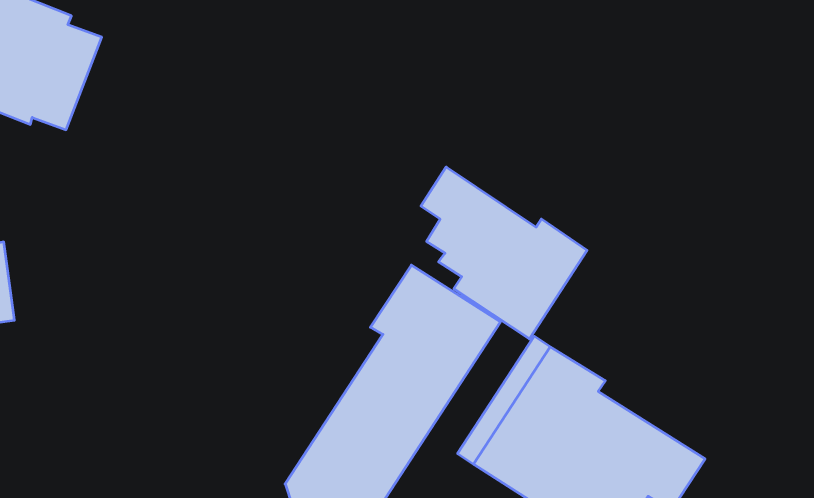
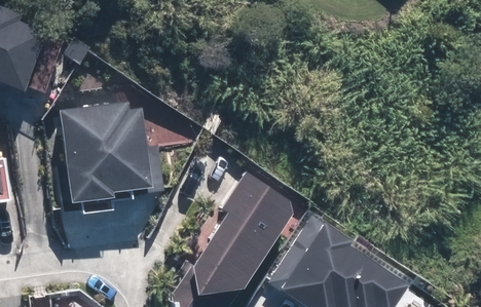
building: none -> [43,100,163,215]
building: [421,167,587,339] -> none

